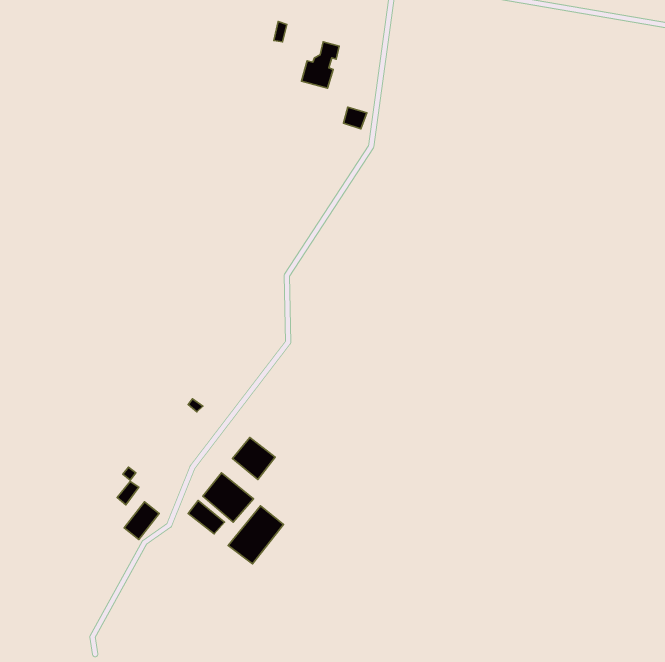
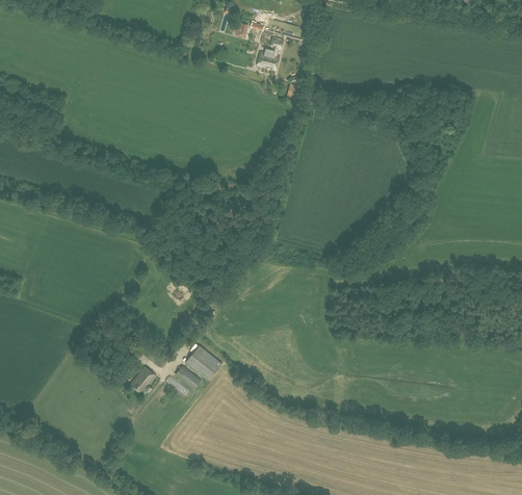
building: [233,438,275,479] -> none
building: [228,506,283,564] -> none

